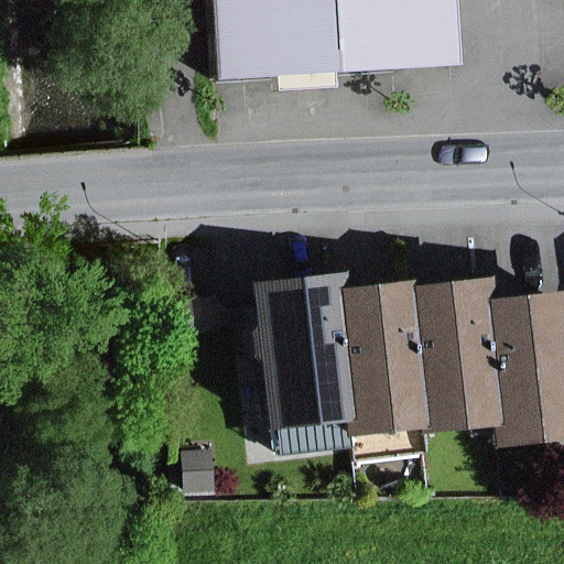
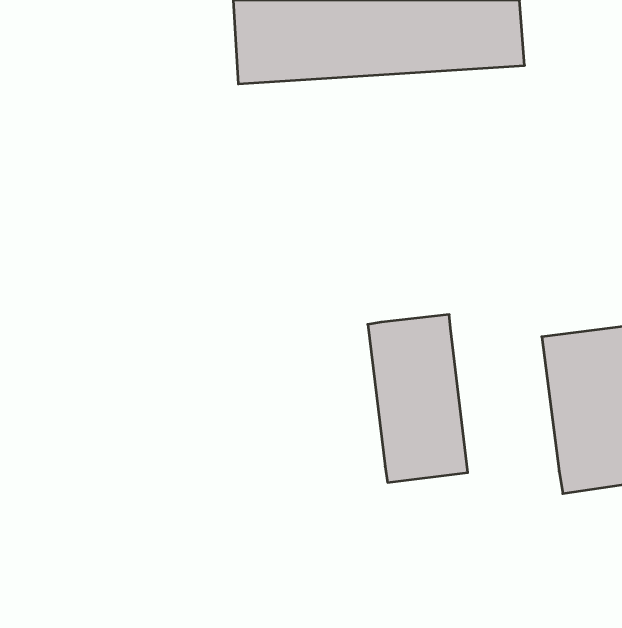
building: [250,270,351,429] -> none
building: [410,285,507,433] -> none

